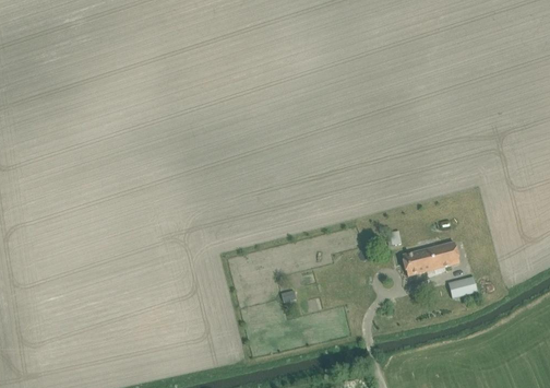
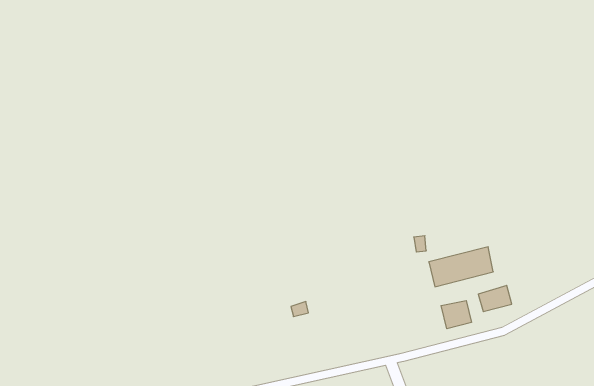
building: none -> [441,301,471,329]

